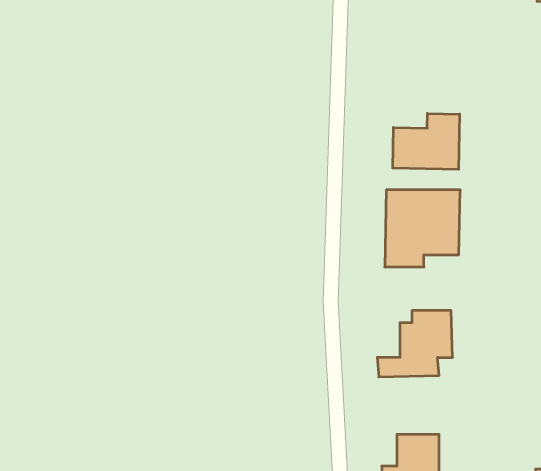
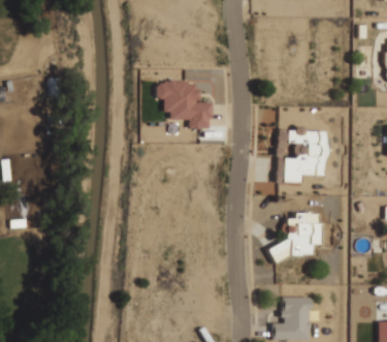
building: [393,113,460,169] -> none
building: none -> [155,80,213,128]

